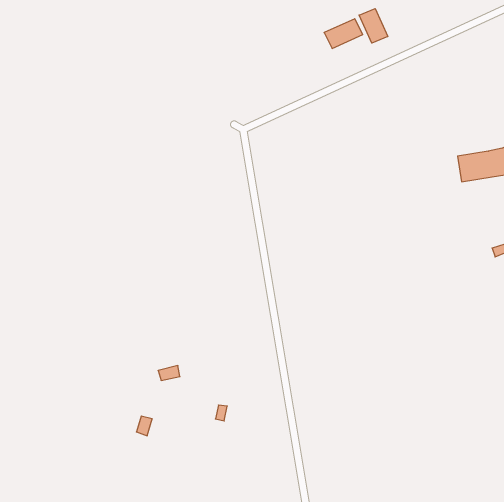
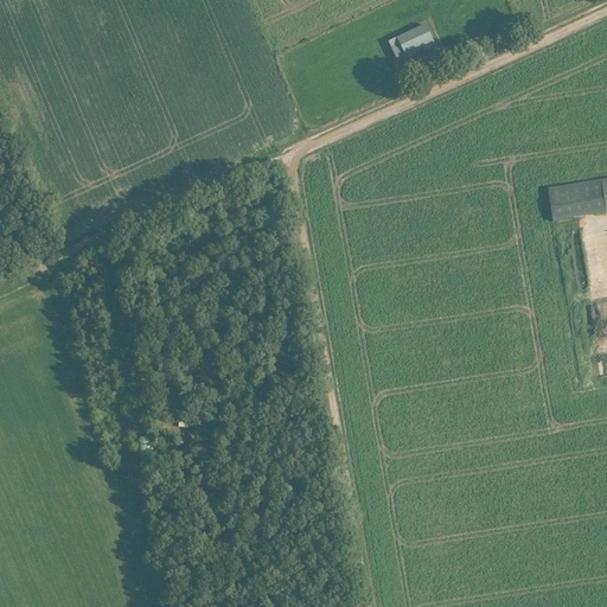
building: [359,9,388,43] -> none

